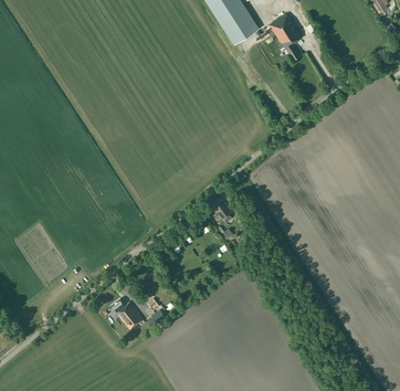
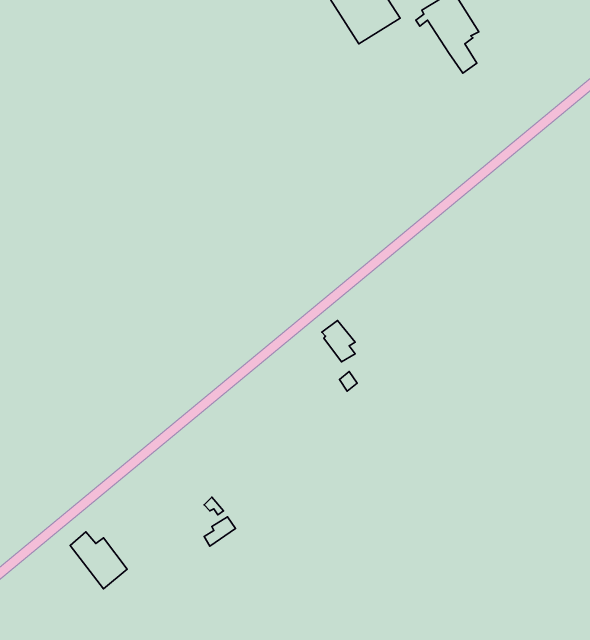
building: [109,297,141,329] -> [70,532,127,589]

